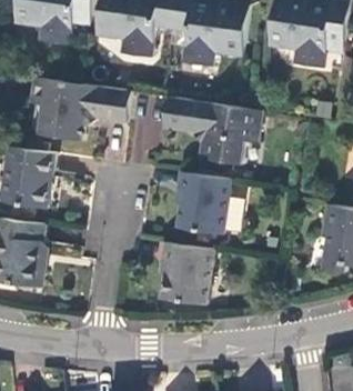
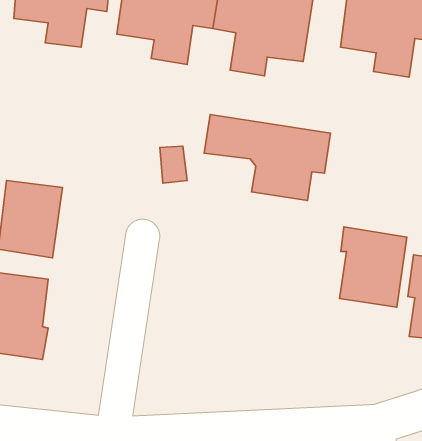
building: [32,77,132,140] -> none
building: [178,172,230,234] -> [339,227,407,307]
building: [162,242,214,305] -> none

